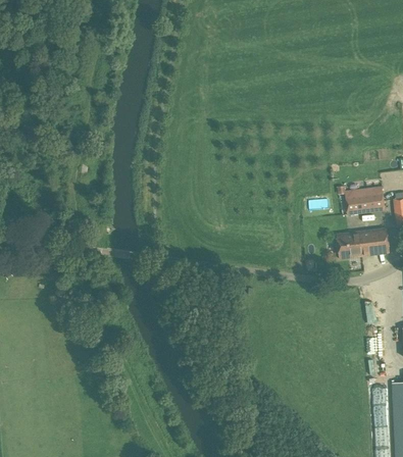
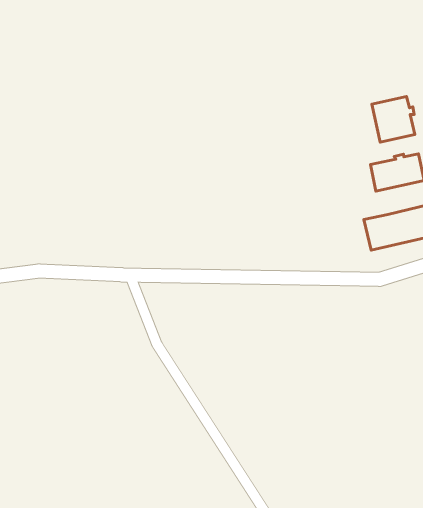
building: none -> [372,96,415,142]

